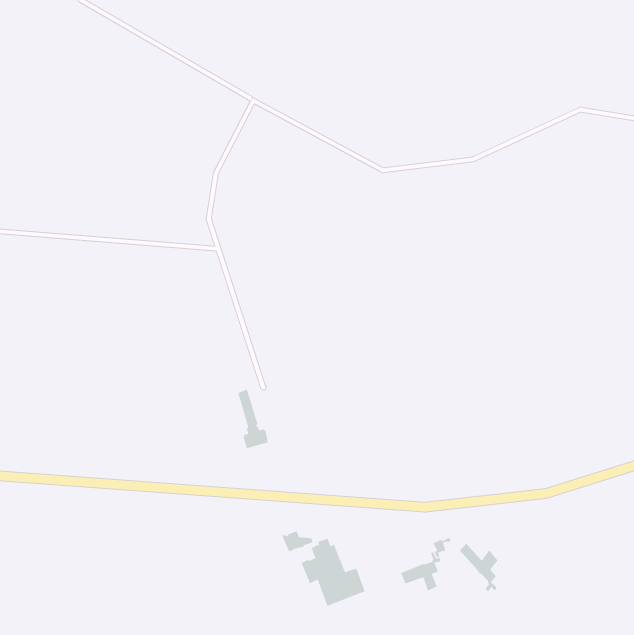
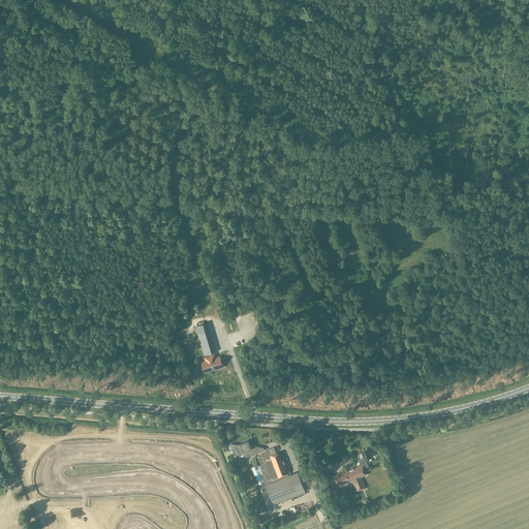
building: [459,543,498,592] -> none

